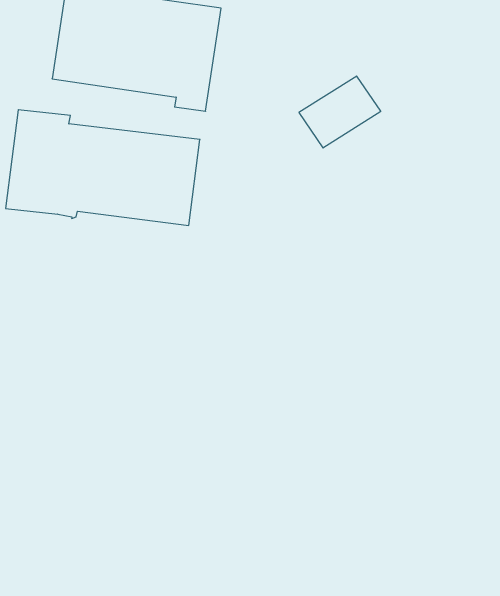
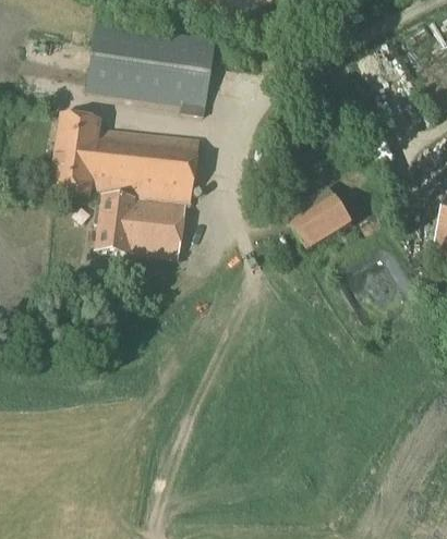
building: [299,76,381,148] -> [290,194,353,249]
building: none -> [94,192,190,257]

